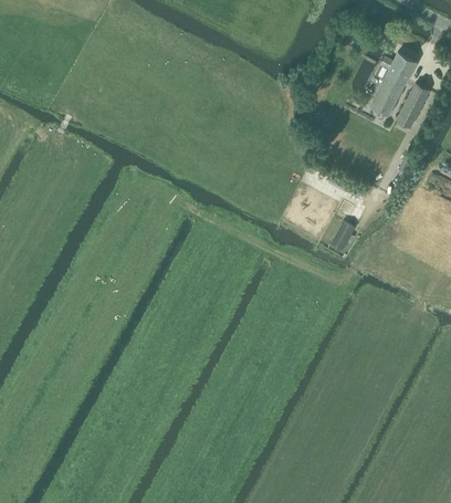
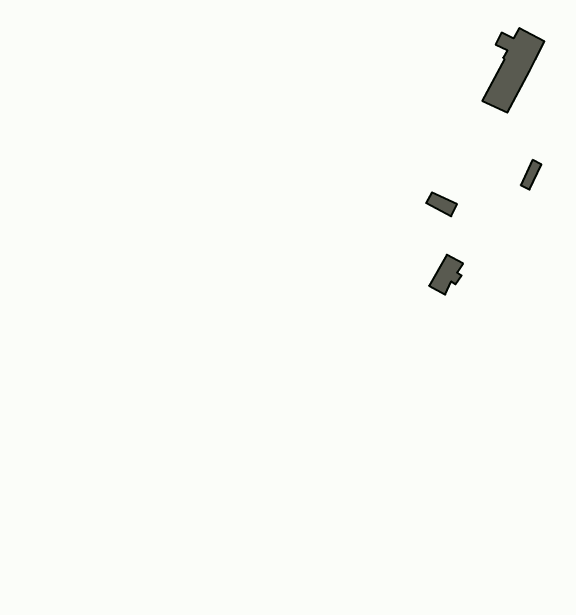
building: [396,84,429,128] -> none

